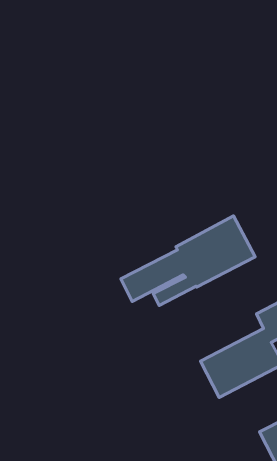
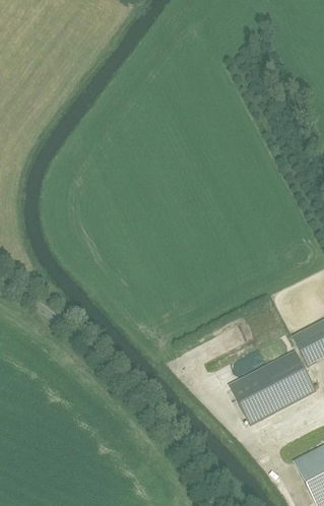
building: [121,216,255,305] -> none

